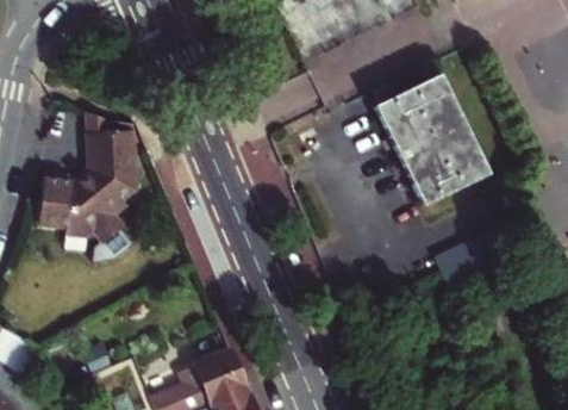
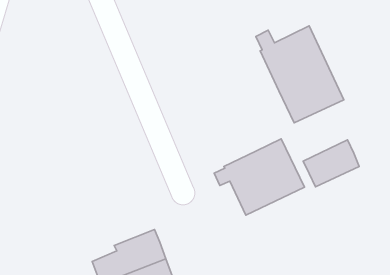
building: [37,126,139,251] -> none
building: none -> [214,139,305,215]

